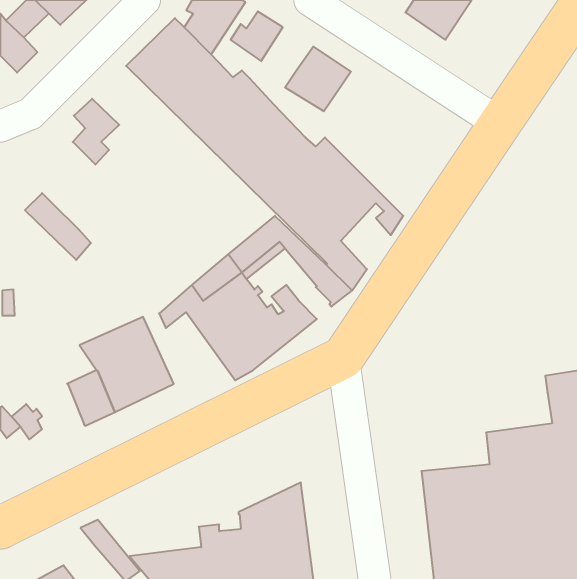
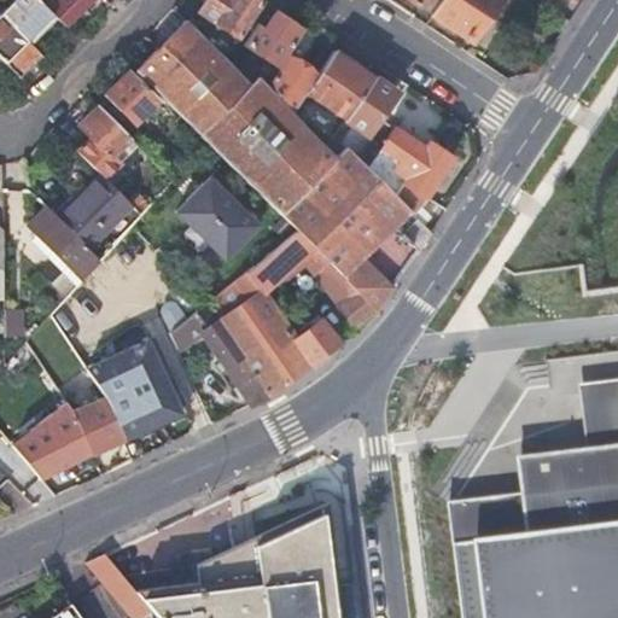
building: none -> [269,30,319,112]
building: none -> [109,70,162,127]
building: none -> [328,77,398,157]
building: none -> [358,126,454,210]
building: none -> [59,173,130,245]
building: none -> [176,173,262,258]
building: none -> [48,406,93,464]

